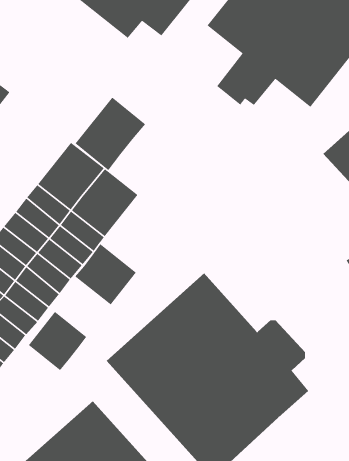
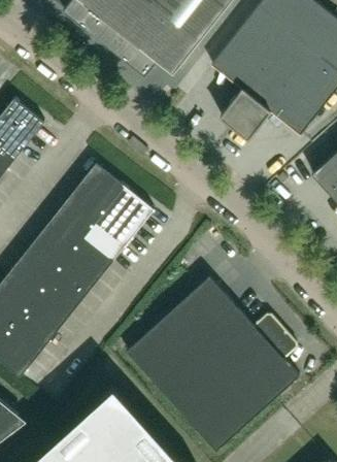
building: [75,97,146,171] -> none
building: [74,243,137,305] -> none
building: [28,311,87,371] -> none

